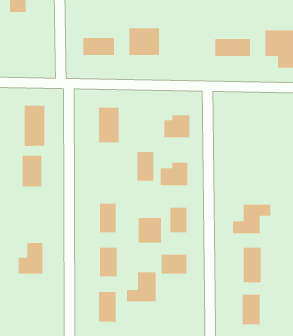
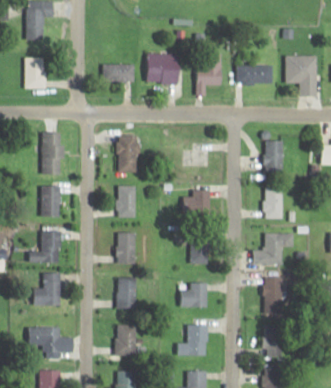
building: none -> [199,54,221,85]
building: none -> [24,57,45,89]
building: none -> [265,141,283,173]
building: [136,151,154,182] -> [117,186,135,217]
building: none -> [264,187,283,219]
building: none -> [28,230,60,263]
building: [138,217,162,243] -> none
building: [126,272,157,302] -> [176,325,207,356]
building: none -> [26,327,59,352]

